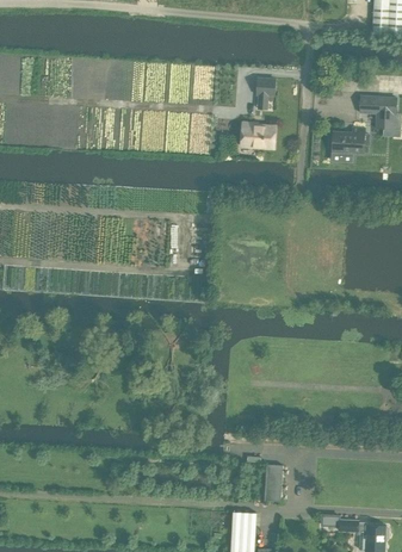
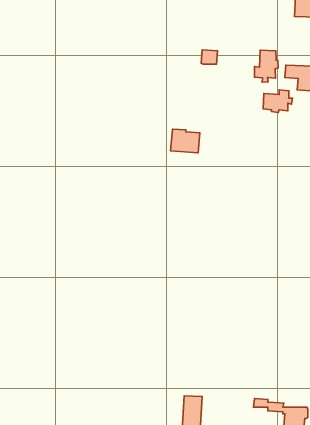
building: none -> [255,50,278,82]
building: [239,119,276,149] -> [171,129,200,153]
building: [264,464,282,500] -> none

